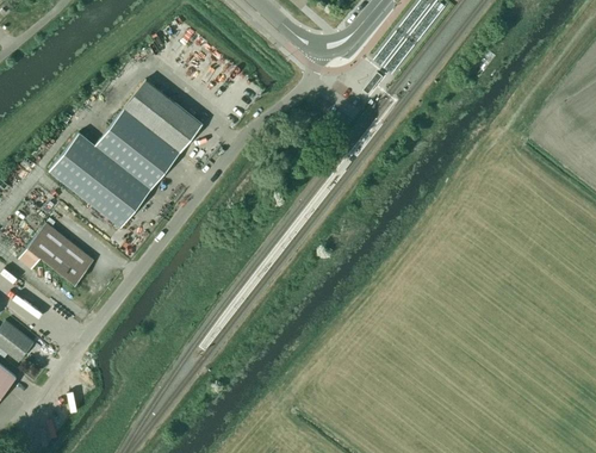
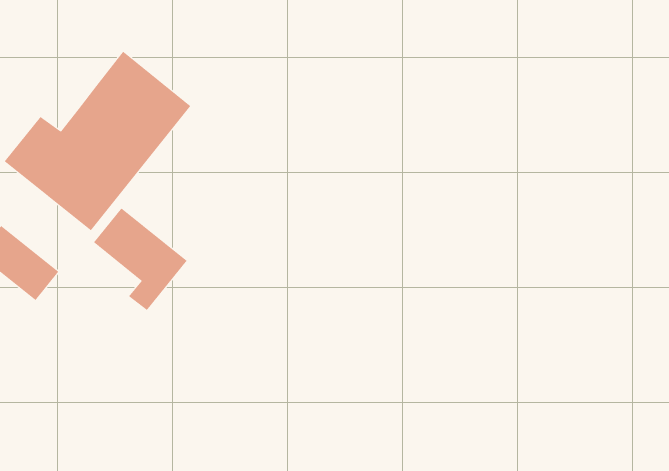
building: none -> [93,207,187,311]

